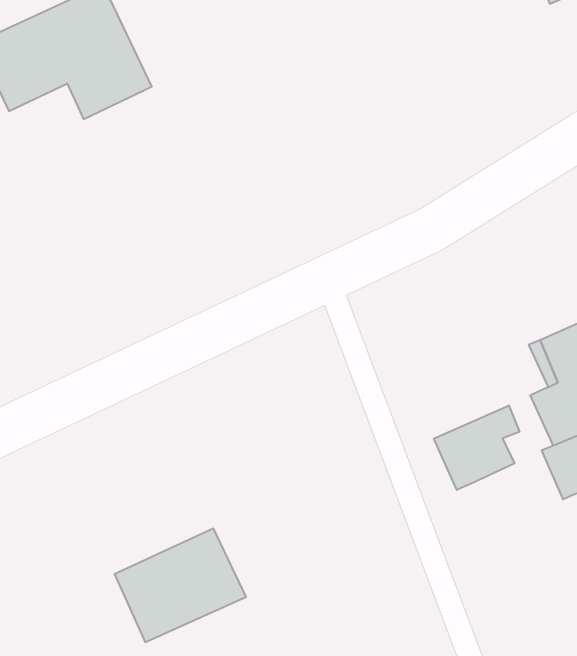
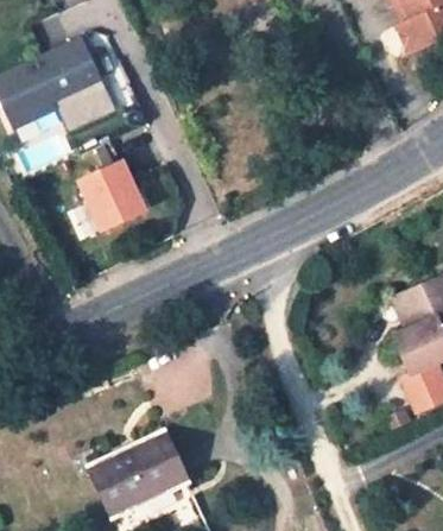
building: none -> [81,160,146,229]
building: [434,405,519,490] -> none

